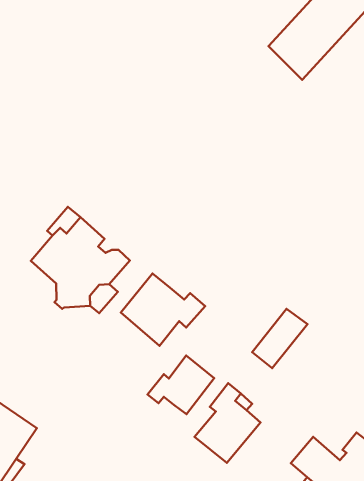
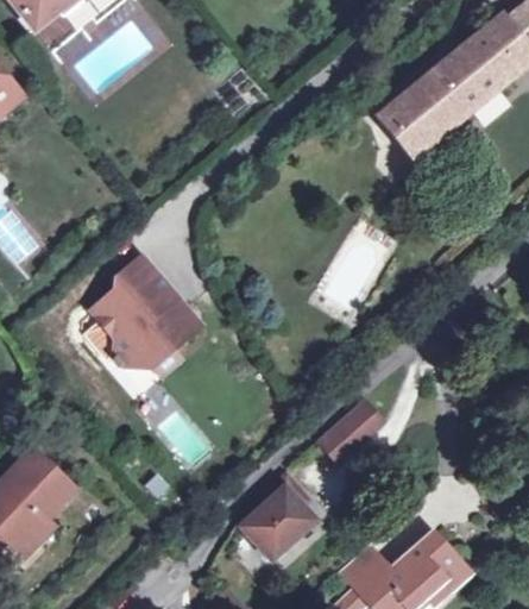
building: [121,274,205,346] -> none
building: [147,356,214,414] -> none

